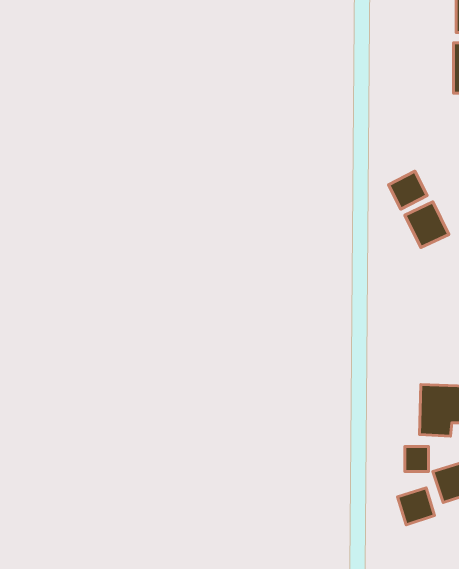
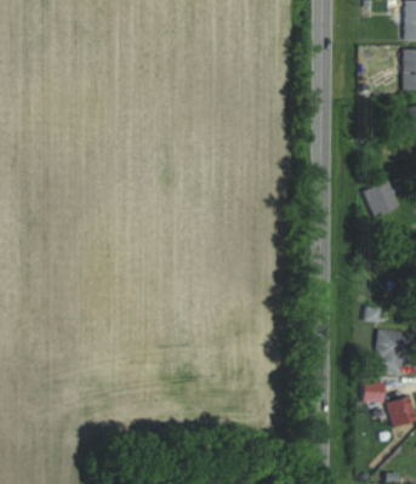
building: [389,171,427,209] -> none
building: [398,488,435,525] -> none

